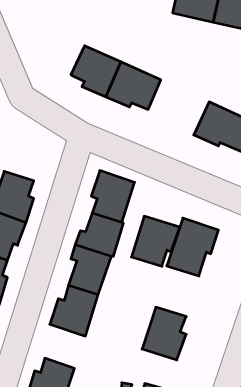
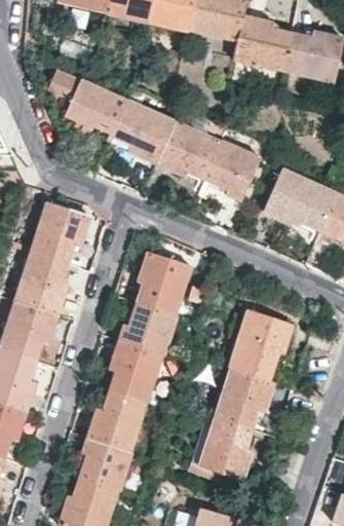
building: none -> [45,68,128,142]
building: none -> [205,140,259,199]
building: none -> [31,202,87,263]
building: [131,216,180,266] -> [215,367,273,427]
building: none -> [80,437,131,491]

